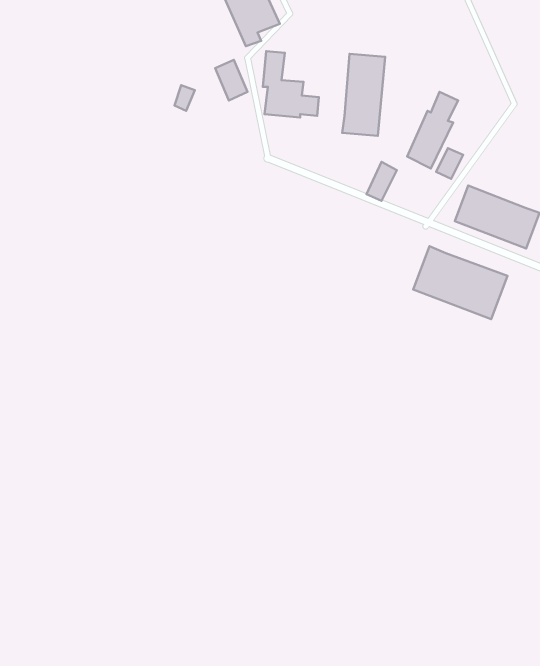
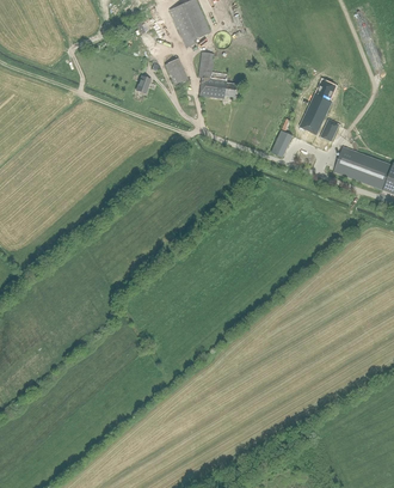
building: [342,54,385,136] -> none
building: [413,246,508,319] -> none

